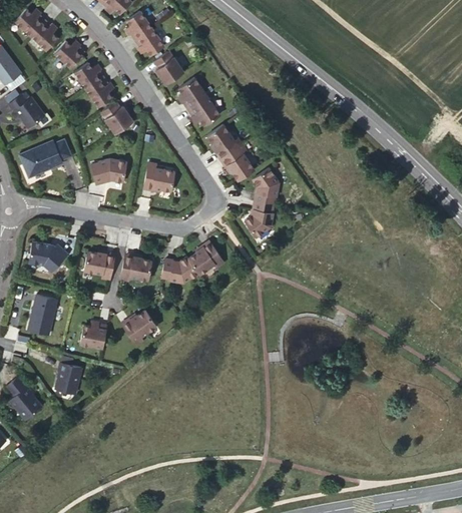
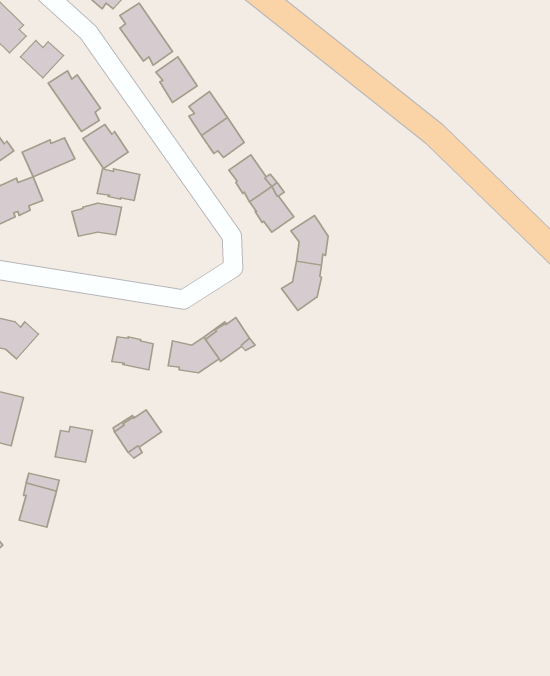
building: none -> [22,138,75,177]
building: [145,169,176,192] -> [97,169,140,201]
building: [84,251,115,274] -> none

